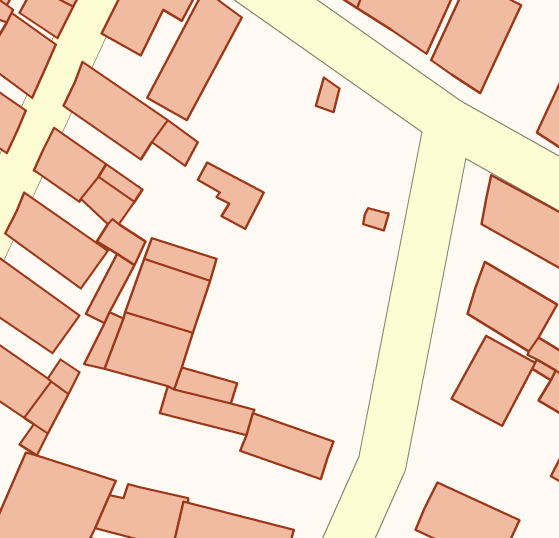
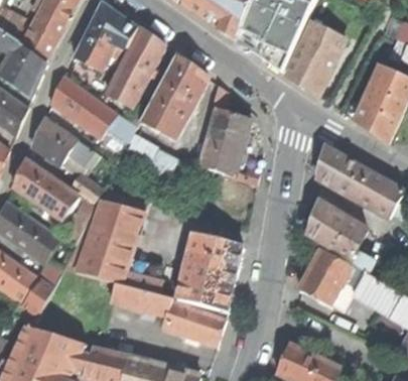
building: none -> [139,53,206,139]
building: none -> [199,108,248,173]
building: none -> [176,234,241,309]

